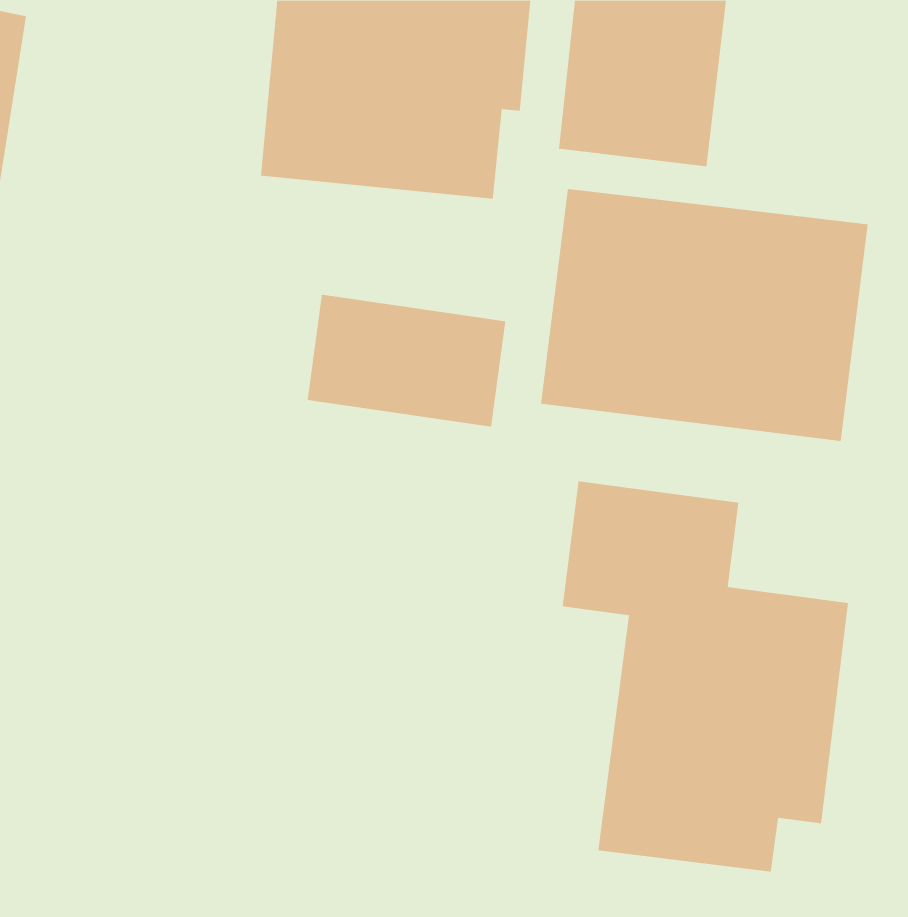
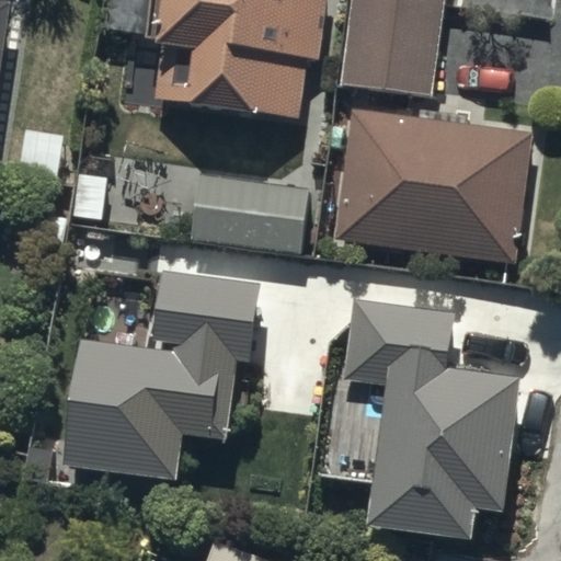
building: none -> [64,266,253,467]

